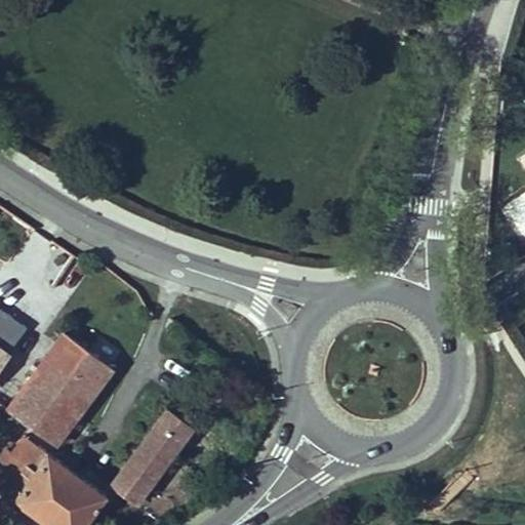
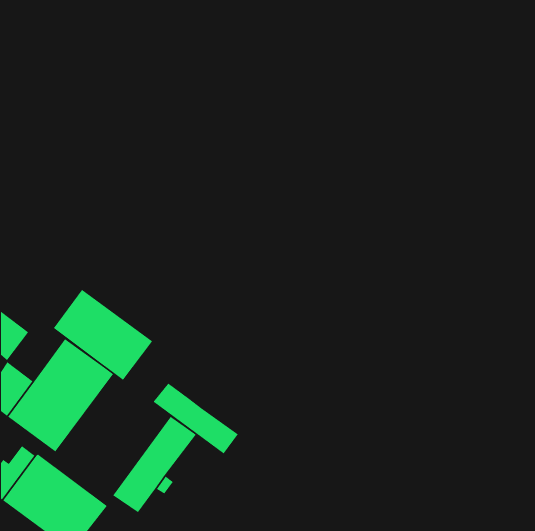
building: none -> [53,289,153,381]
building: none -> [152,383,239,454]

